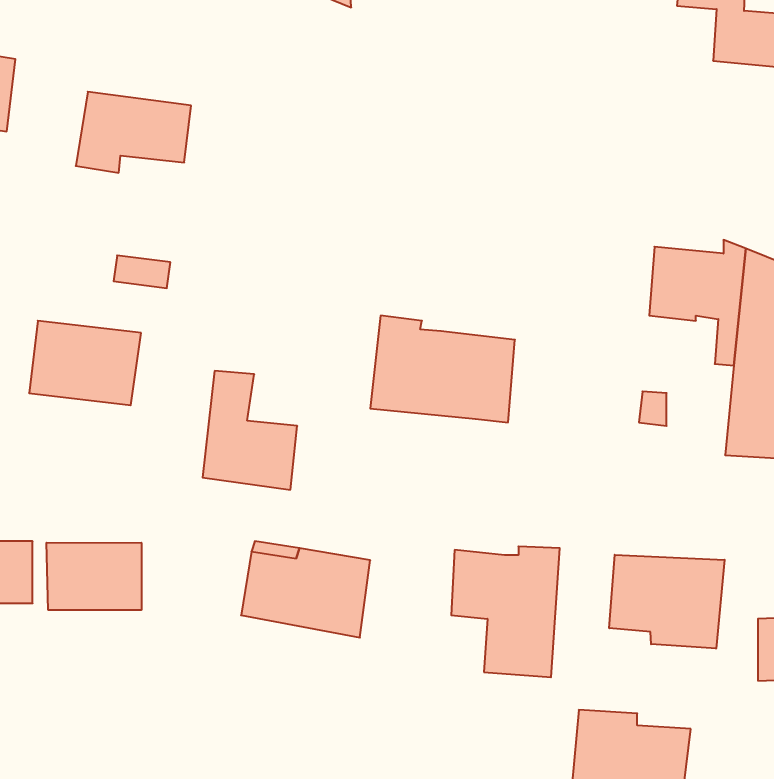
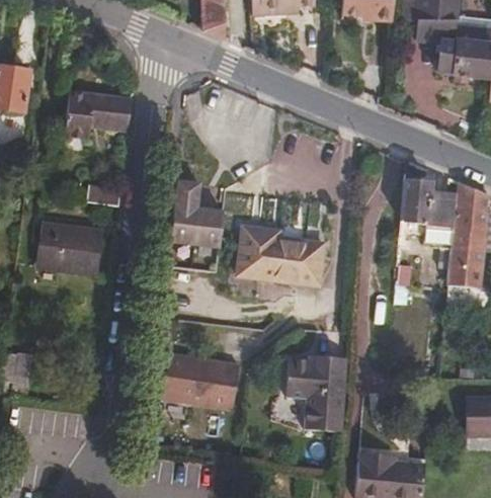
building: [203,371,297,490] -> [173,182,229,252]
building: [47,543,141,610] -> none
building: [609,555,725,649] -> none

